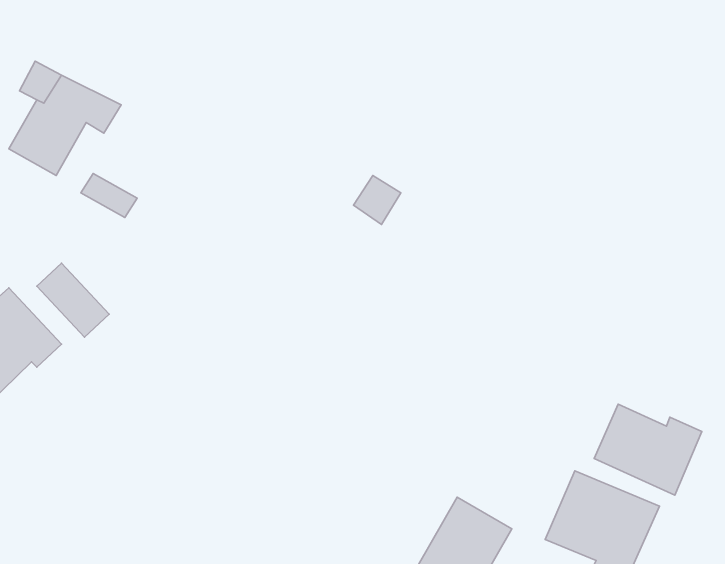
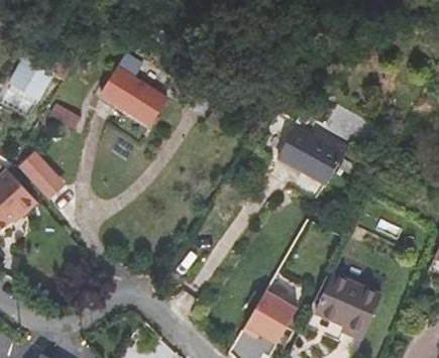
building: none -> [99,68,167,126]
building: none -> [278,127,341,185]
building: [594,404,702,495] -> none

